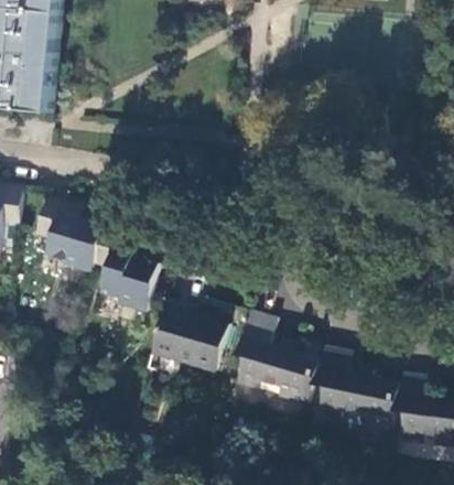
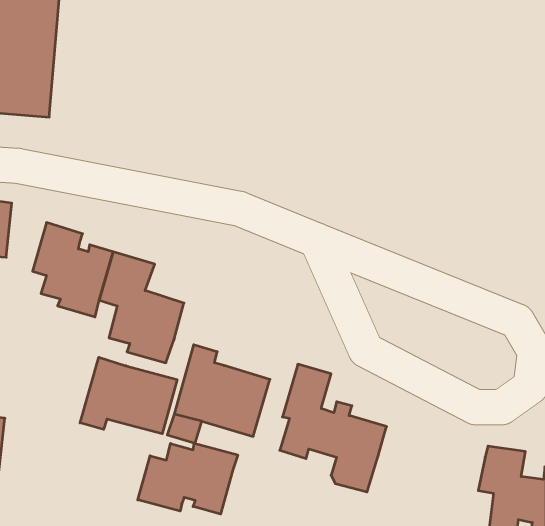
building: none -> [80,357,177,434]
building: [312,348,397,428] -> none
building: none -> [138,443,238,514]

